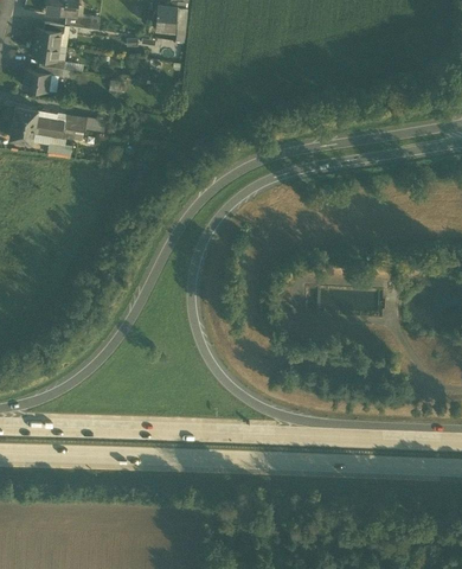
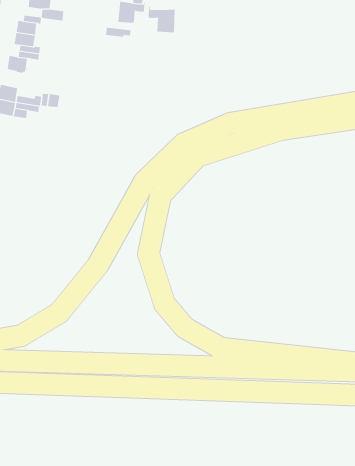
building: none -> [148,6,175,33]

